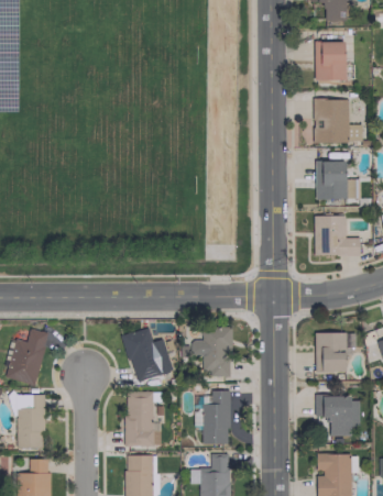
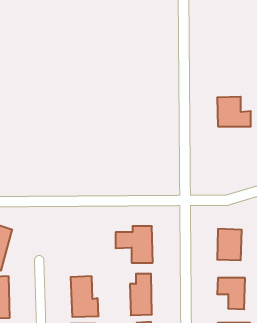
building: [315,42,347,80] -> none
building: [314,99,362,143] -> none
building: [315,216,361,256] -> none
building: [124,330,174,383] -> none

